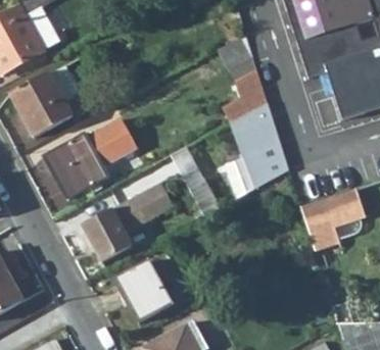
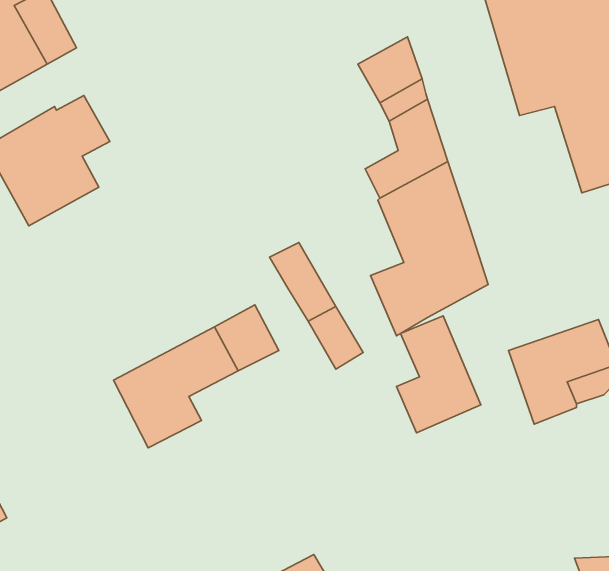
building: [44,117,137,198] -> none
building: none -> [396,316,481,433]
building: [114,260,172,321] -> none

